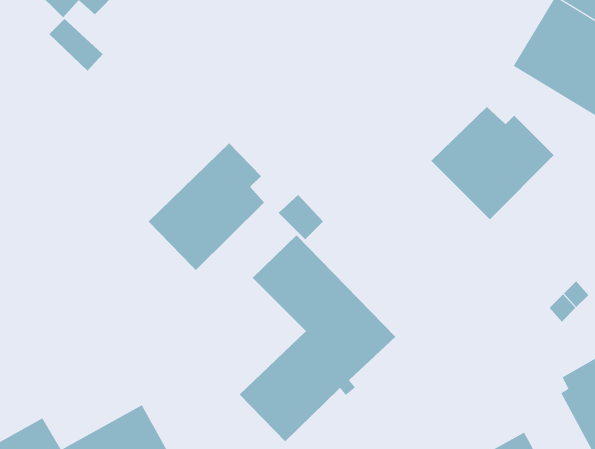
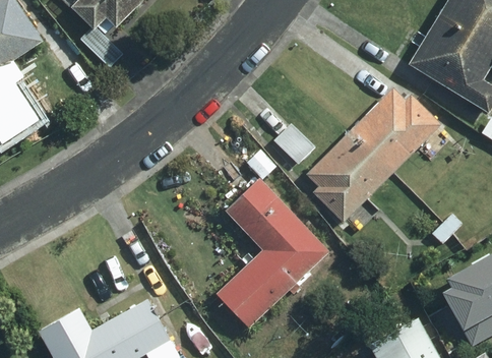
building: [148,143,265,271] -> none
building: none -> [301,128,393,221]

